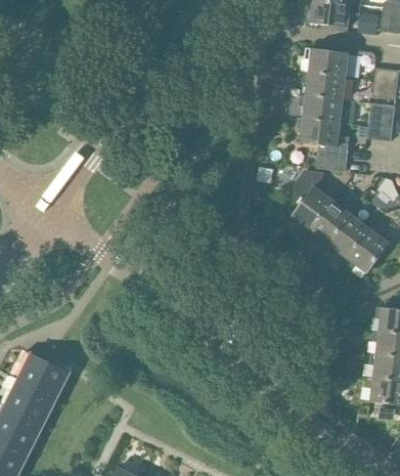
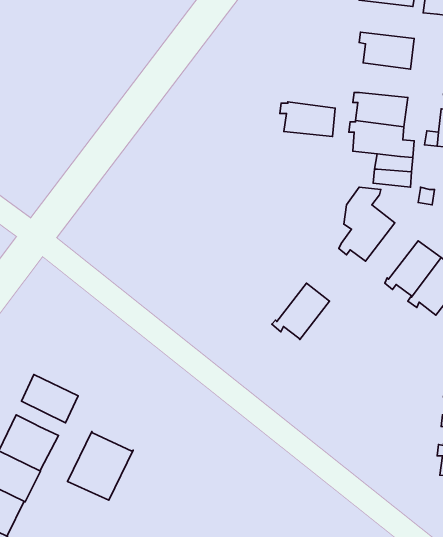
building: [303,72,347,99] -> [280,102,335,136]
building: [307,200,353,245] -> [272,283,329,339]
building: none -> [21,374,78,423]
building: none -> [68,432,133,500]

